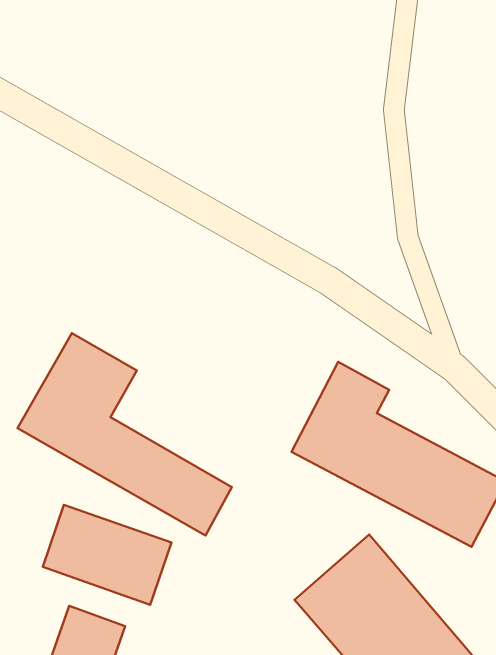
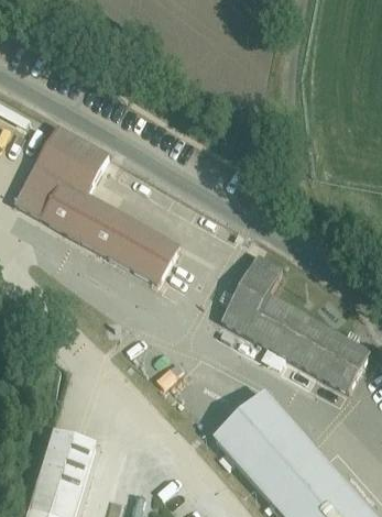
building: [17,333,232,535] -> [19,141,171,284]
building: [43,505,171,605] -> none

